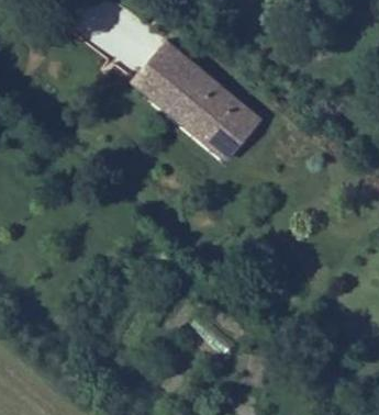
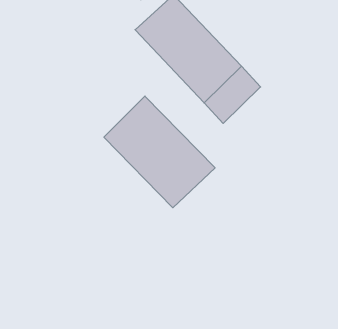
building: none -> [104,96,215,208]

